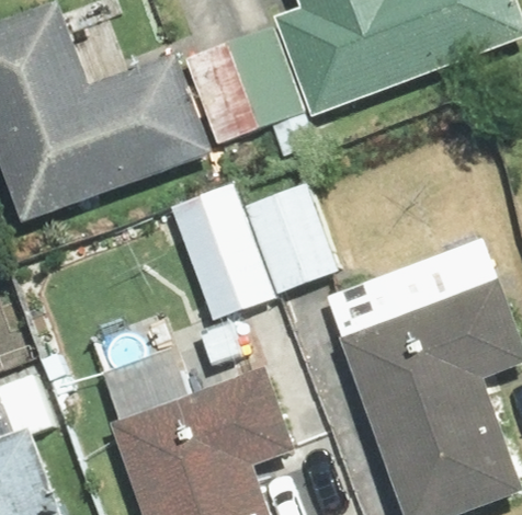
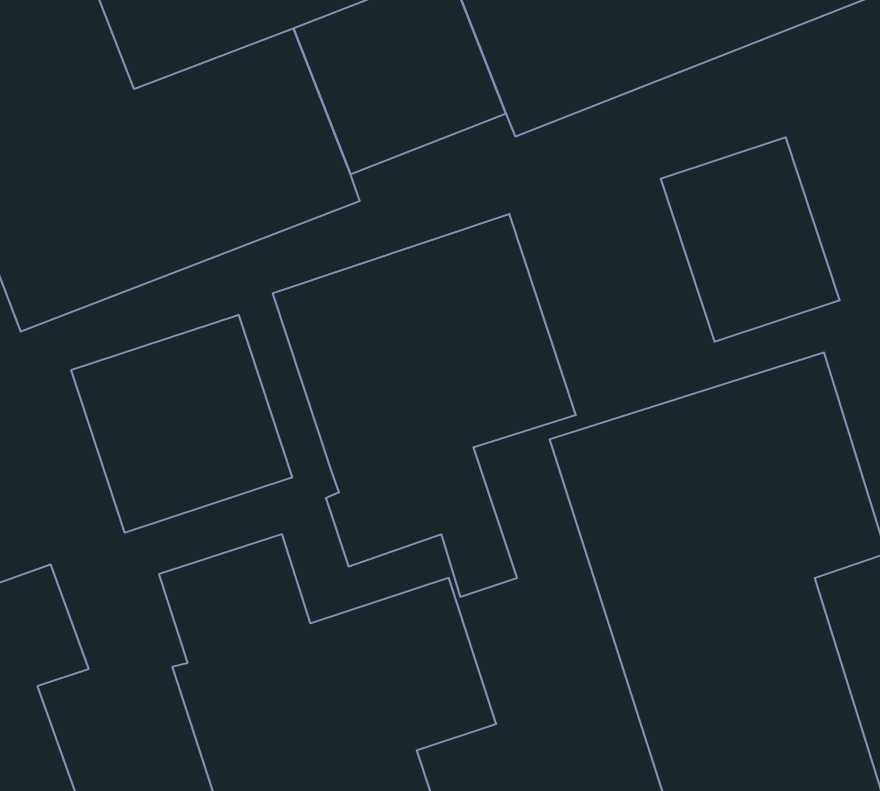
building: none -> [661,137,840,342]
building: none -> [71,315,292,533]

